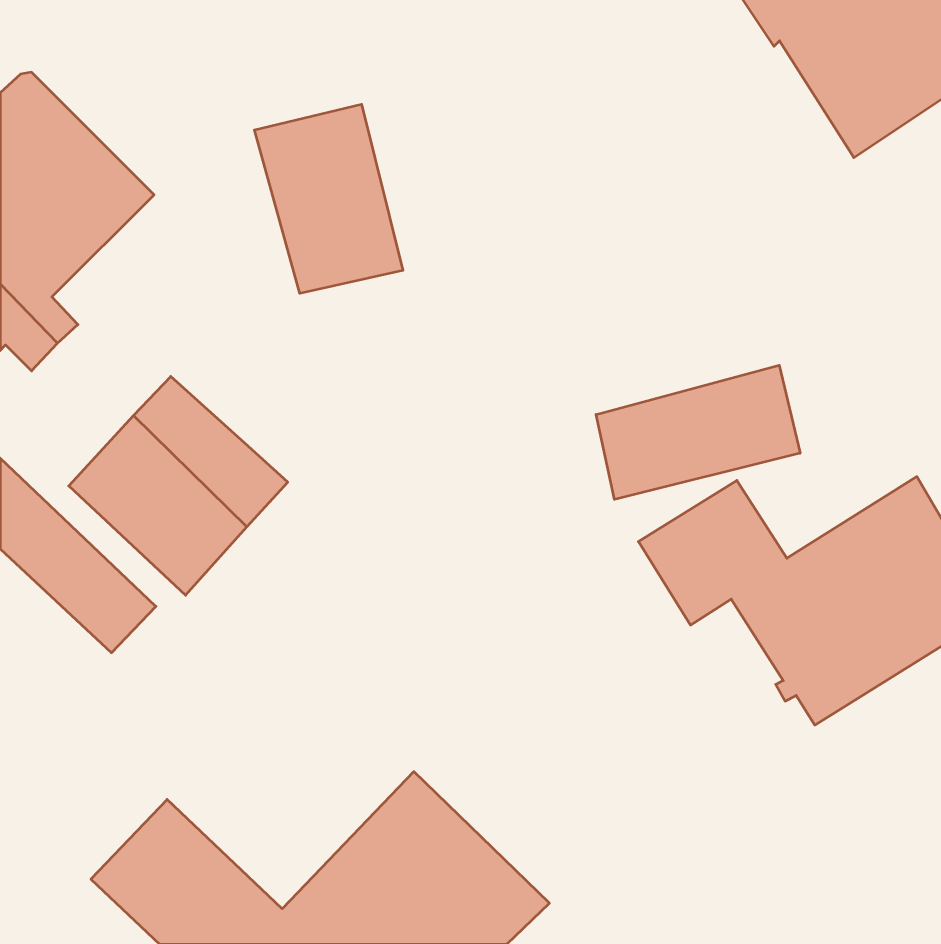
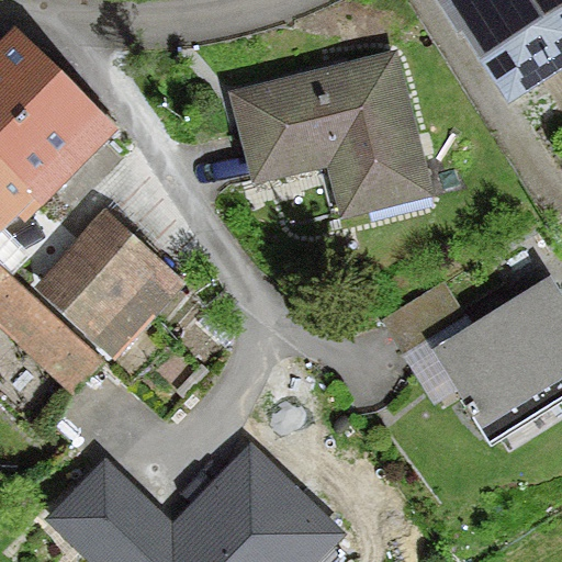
building: none -> [235,59,424,206]
building: [254,104,403,293] -> none
building: [596,365,800,499] -> none

